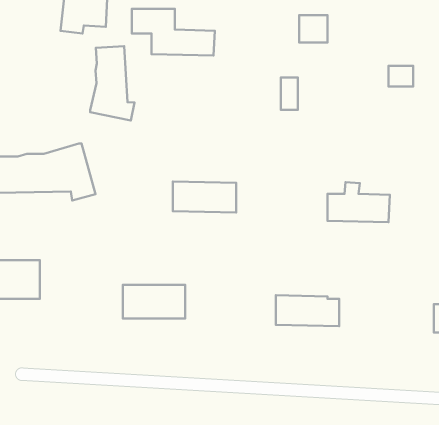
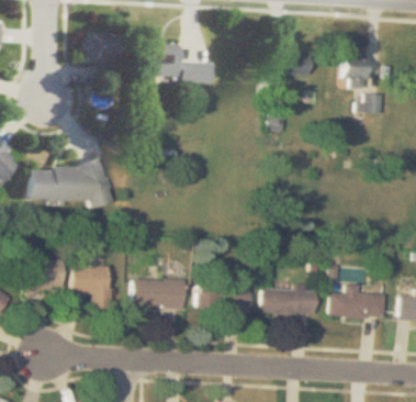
building: none -> [345,54,366,87]
building: [90,46,135,121] -> none
building: [173,181,236,213] -> [199,286,252,312]
building: [328,182,390,222] -> [331,283,384,317]
building: none -> [74,265,112,295]

